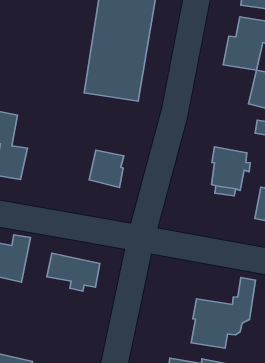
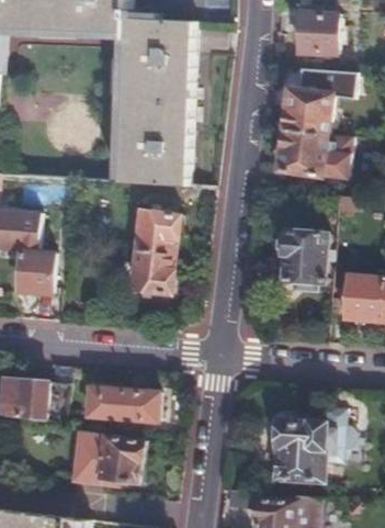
building: none -> [280,128,326,173]
building: none -> [138,212,181,254]
building: none -> [70,434,143,486]

